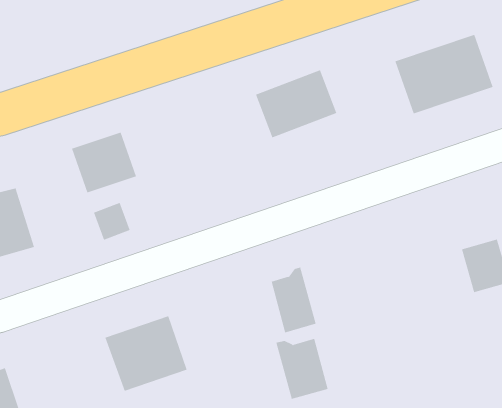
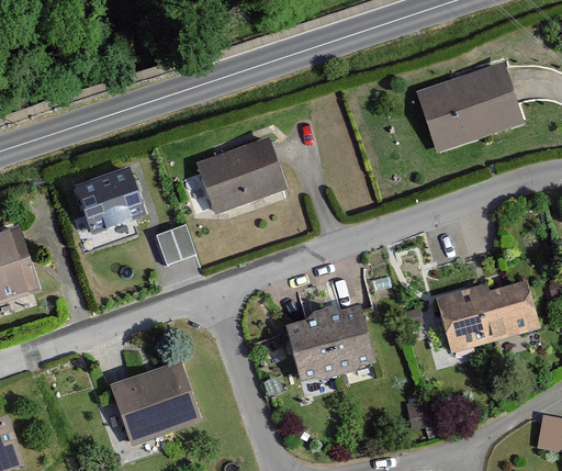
building: [255,70,337,138] -> [198,139,284,212]
building: [93,202,130,241] -> [156,224,195,265]
building: none -> [436,284,501,351]
building: [275,338,328,400] -> [318,306,374,371]

